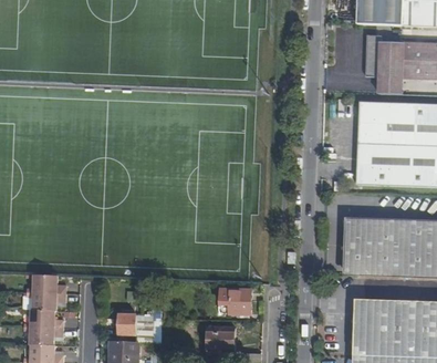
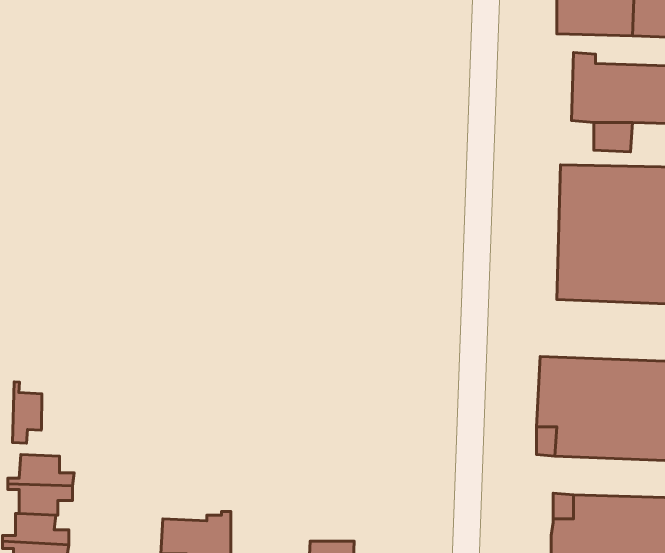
building: none -> [13,382,42,443]
building: [220,290,251,314] -> none

